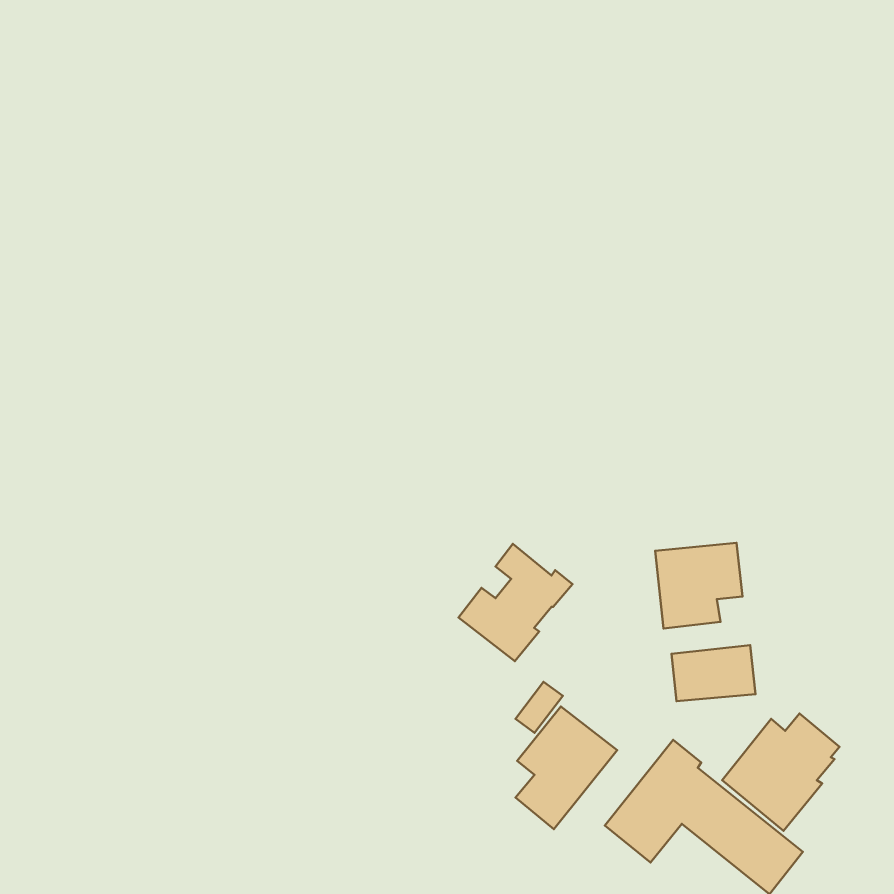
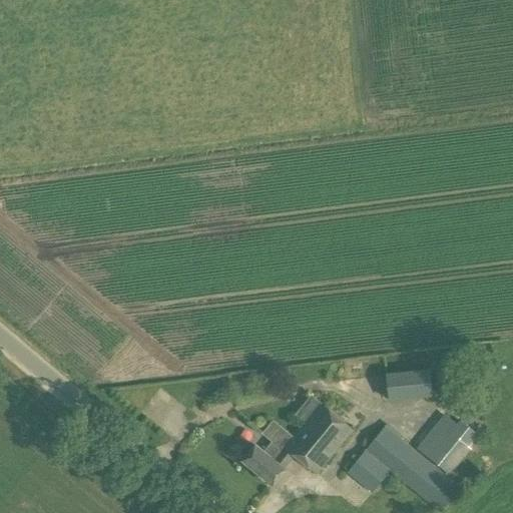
building: [655,543,743,629] -> none
building: [459,544,573,661] -> [240,420,306,487]

